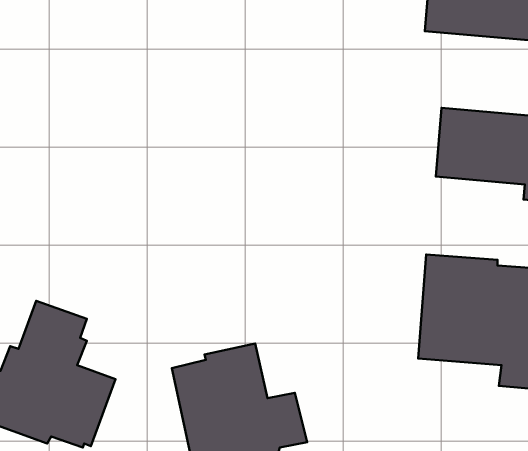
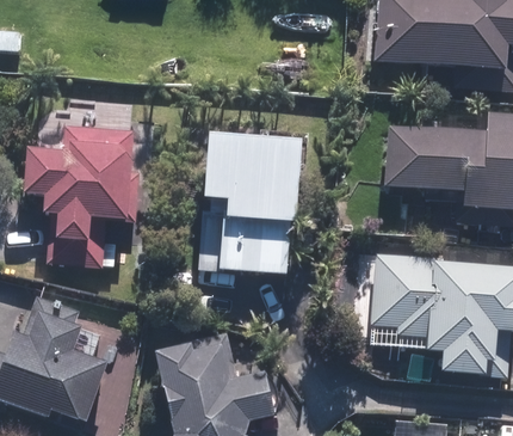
building: none -> [25,124,132,264]
building: none -> [199,137,296,275]

